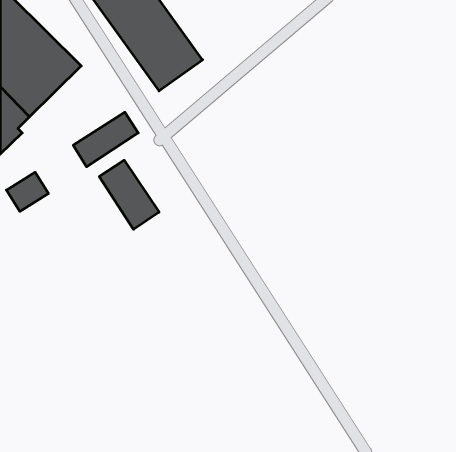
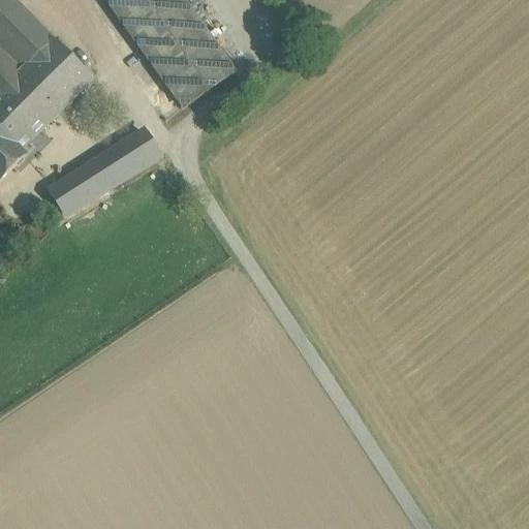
building: [99,160,159,229] -> none
building: [6,172,48,211] -> [52,168,100,214]

